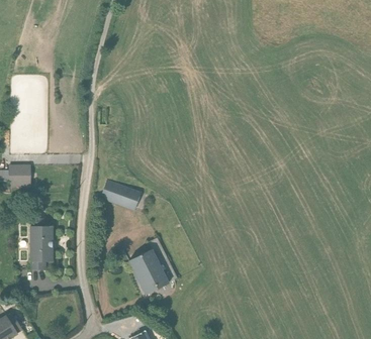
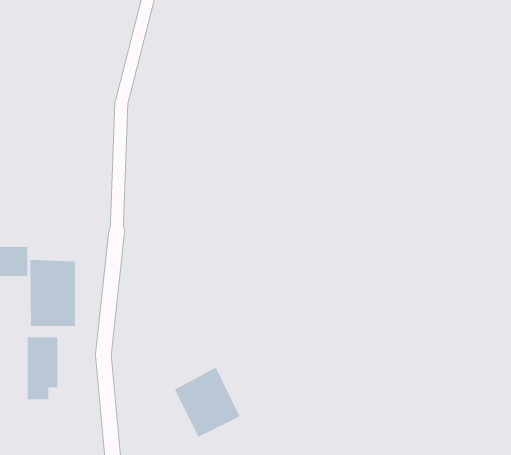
building: none -> [30,259,75,327]
building: [100,180,142,211] -> none

